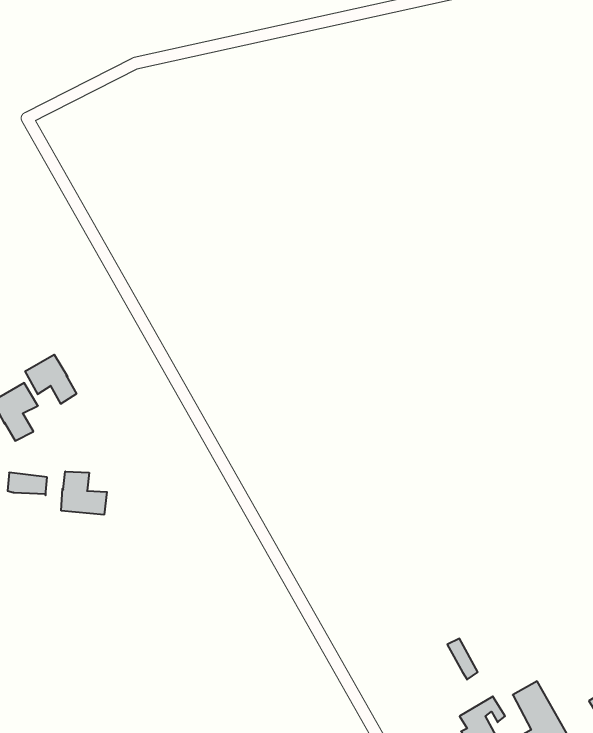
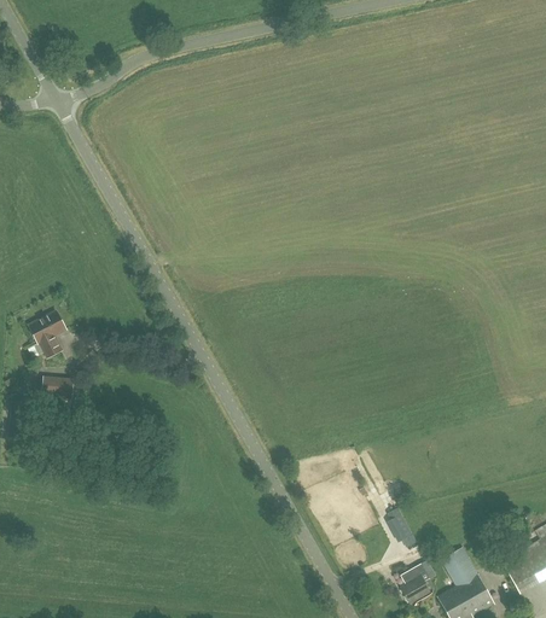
building: [25,355,76,404] -> none
building: [61,471,107,515] -> none

